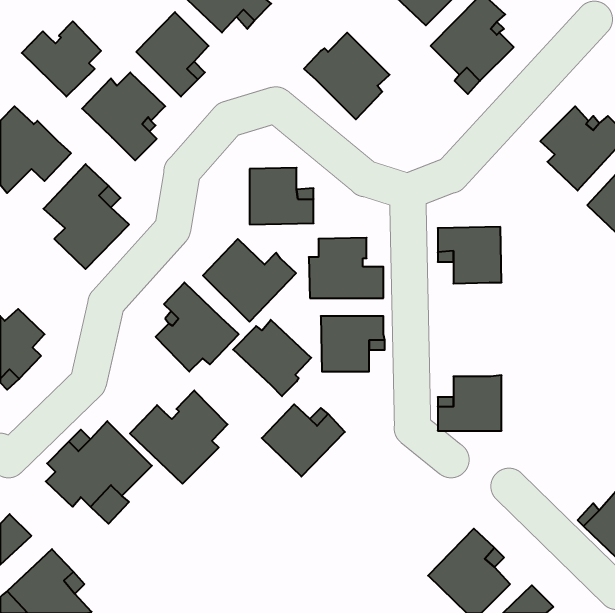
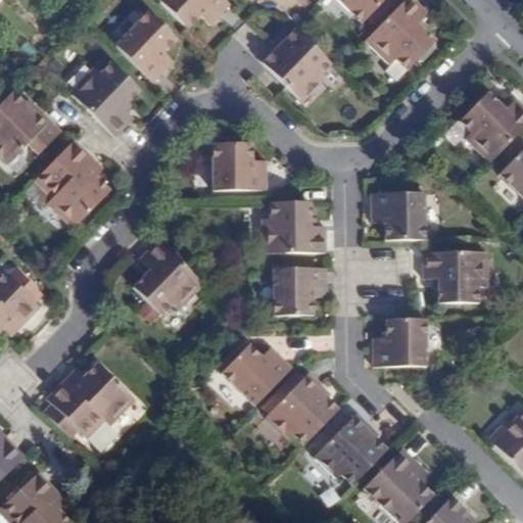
building: [22,21,101,97] -> none
building: [203,239,296,322] -> none
building: none -> [422,251,486,302]
building: [233,320,311,396] -> none
building: [130,390,228,484] -> none
building: none -> [269,369,342,441]
building: none -> [315,412,387,484]

